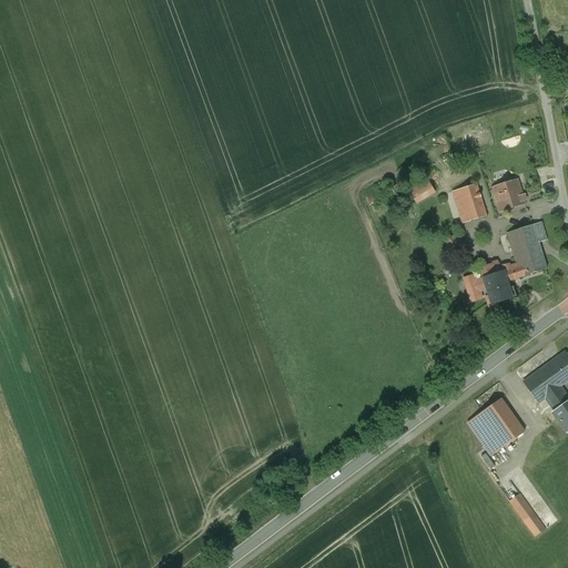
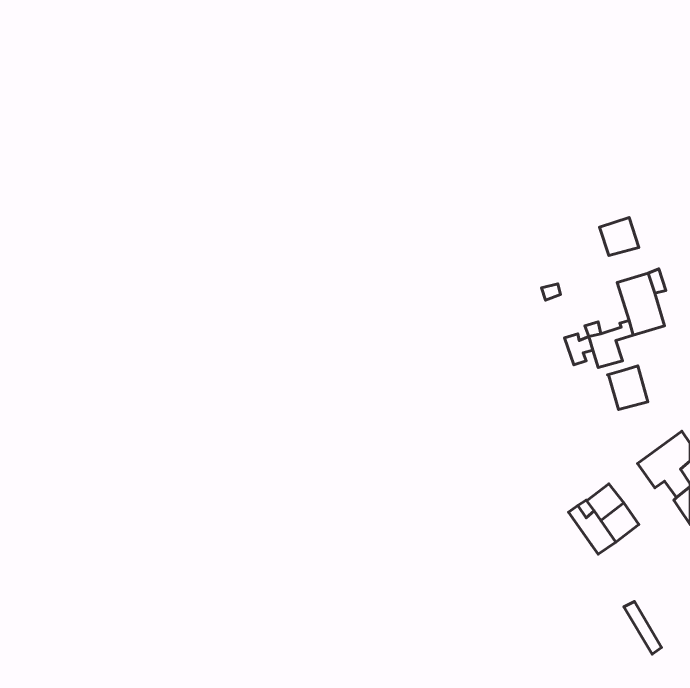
building: [453,183,486,222] -> none
building: none -> [608,366,648,409]

